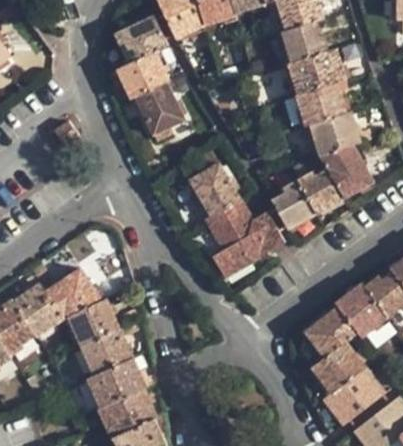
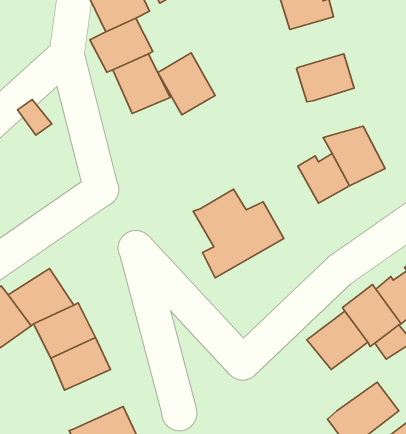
building: [287,48,344,94] -> none
building: [309,111,359,155] -> none
building: [190,163,240,217] -> [158,53,215,115]
building: [271,180,314,228] -> none
building: [311,342,365,393] -> none
building: [86,357,146,409] -> none

